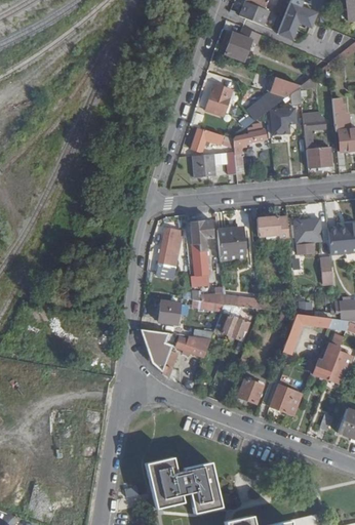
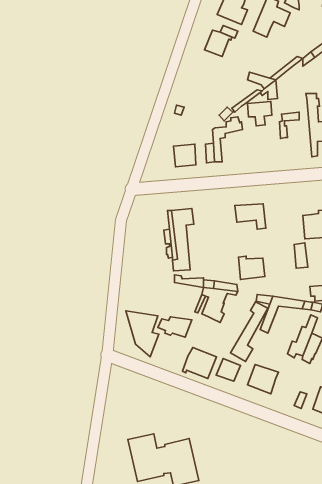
building: [206,86,230,115] -> none
building: [191,127,223,152] -> none
building: [305,146,331,167] -> none
building: [295,218,321,242] -> none
building: [218,227,245,251] -> [238,256,265,279]
building: [157,228,183,274] -> none
building: [158,300,181,322] -> none
building: none -> [231,302,268,361]
building: none -> [182,347,216,379]

